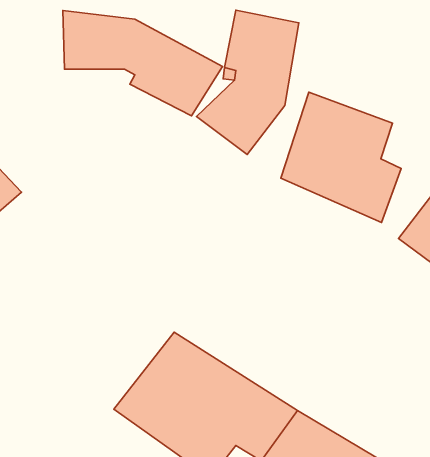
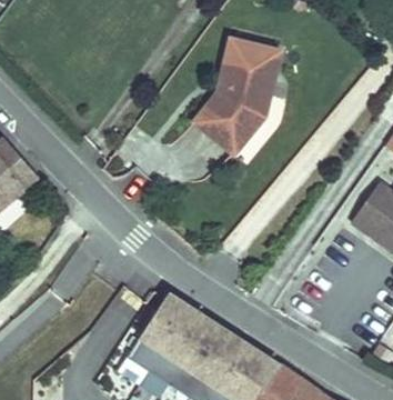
building: [63,11,223,116] -> none
building: [281,92,401,222] -> none

